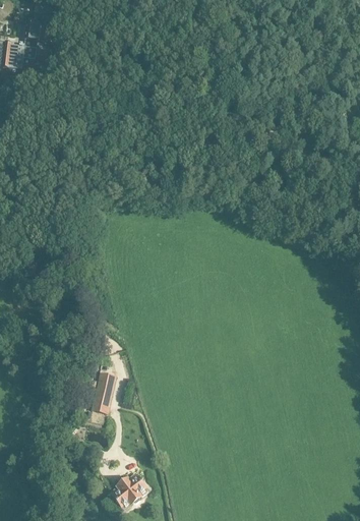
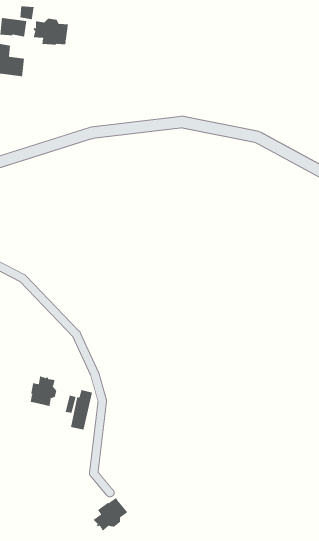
building: none -> [33,18,68,46]
building: none -> [30,376,57,407]

